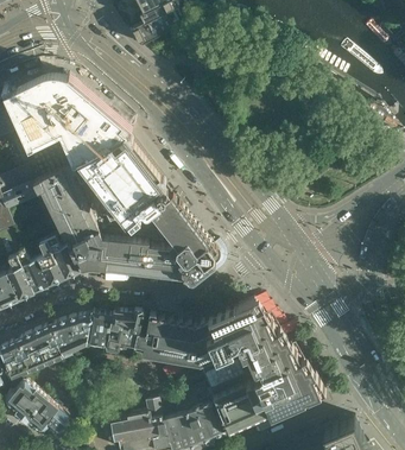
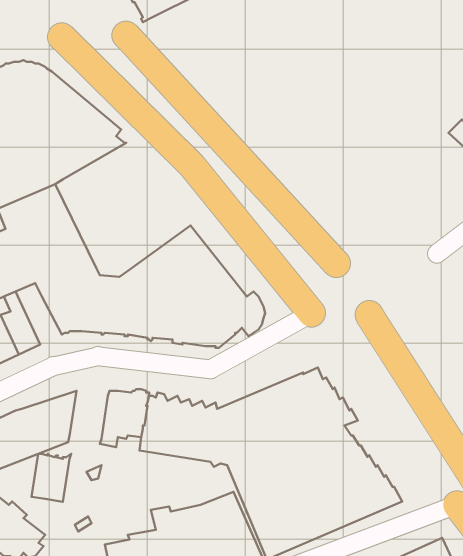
building: [75,135,172,226] -> none
building: [46,236,80,280] -> none
building: [86,313,114,348] -> [31,454,71,502]

